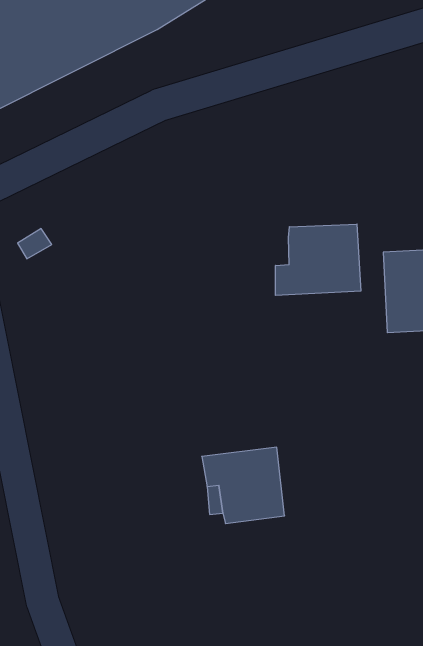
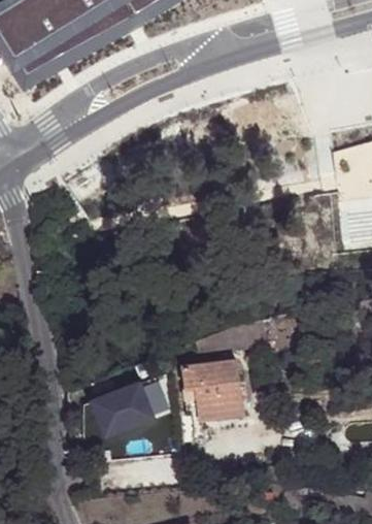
building: [275,224,361,295] -> none
building: none -> [94,378,157,431]

